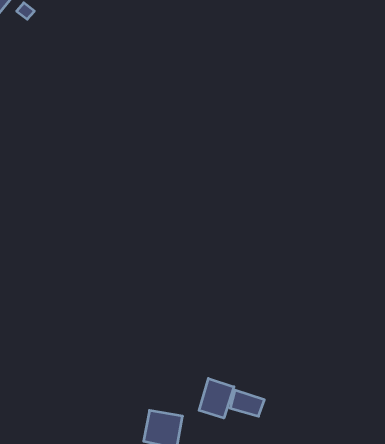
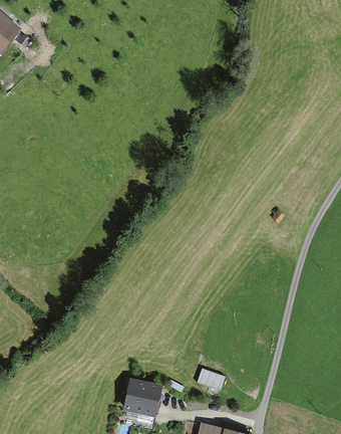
building: [199,378,234,418] -> none

